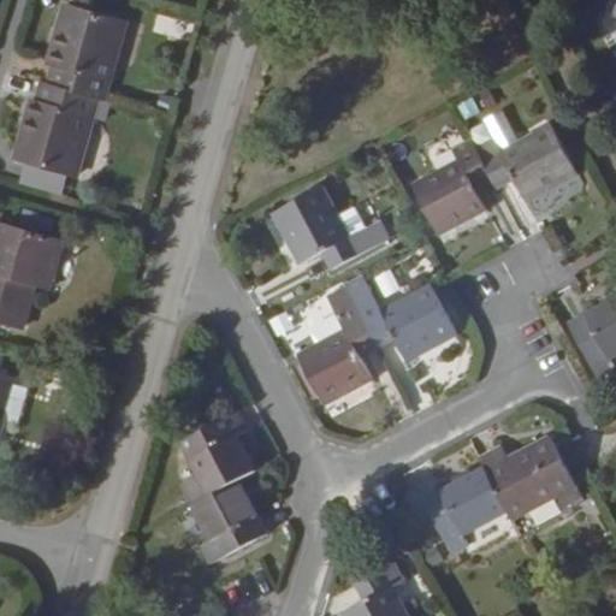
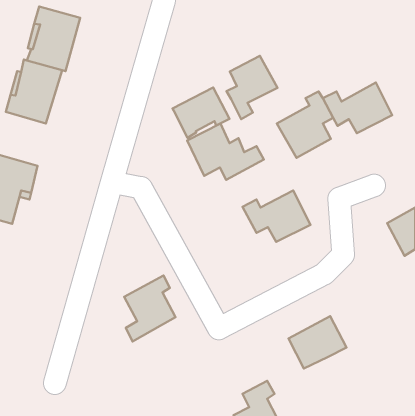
building: none -> [227,56,278,119]
building: none -> [172,88,229,138]
building: [295,290,378,404] -> none
building: [481,440,582,520] -> none
building: [195,480,270,565] -> none

